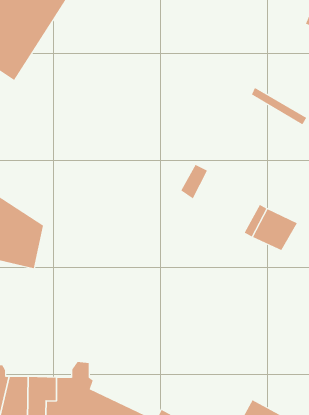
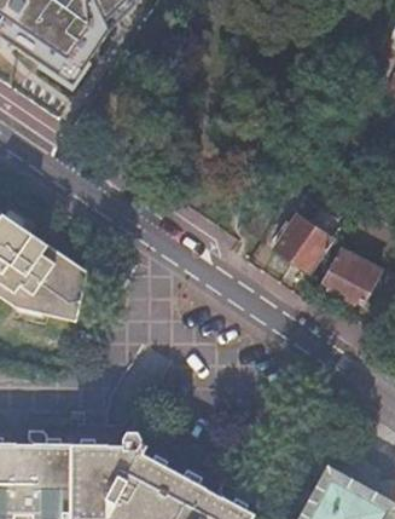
building: none -> [275,214,335,273]

